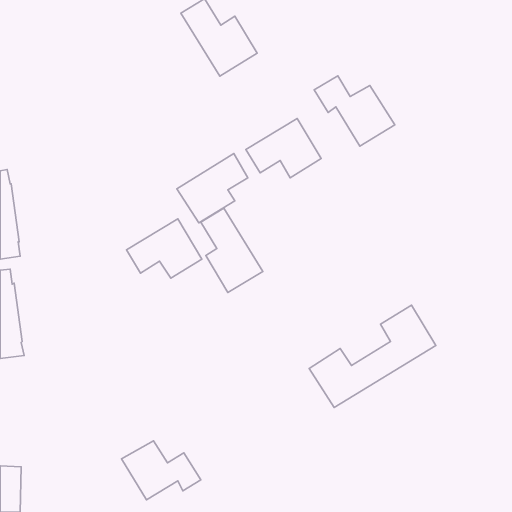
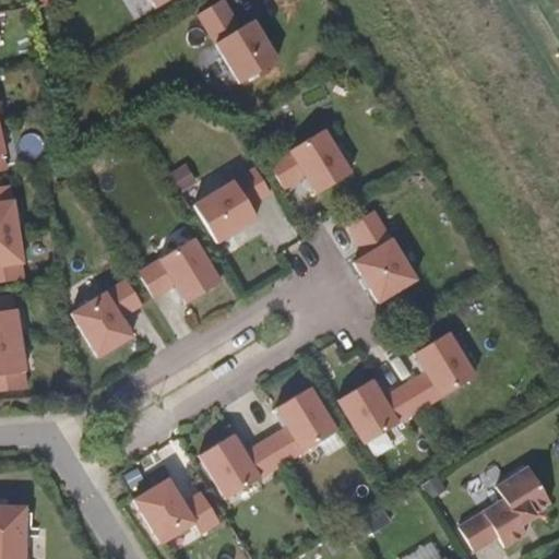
building: [314,76,395,146] -> none
building: [201,208,263,293] -> [349,211,417,302]
building: none -> [71,280,142,357]
building: none -> [199,388,337,499]
building: none -> [459,466,551,551]

